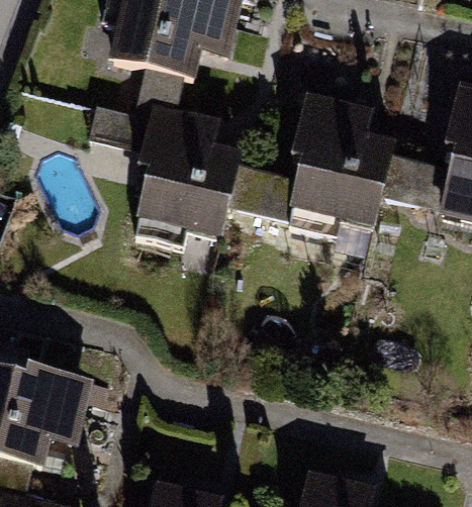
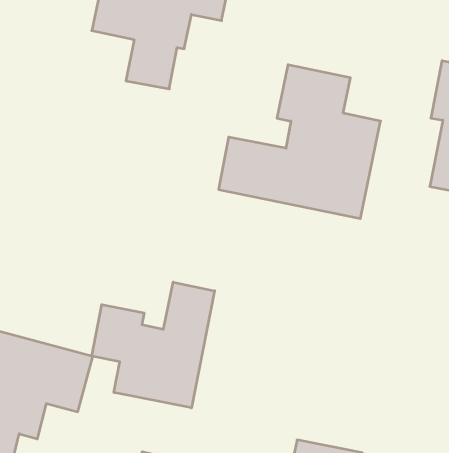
building: [91,103,242,236] -> none
building: none -> [92,282,215,408]

